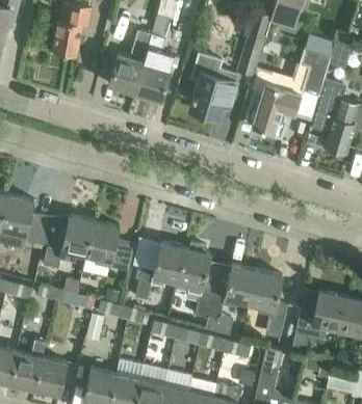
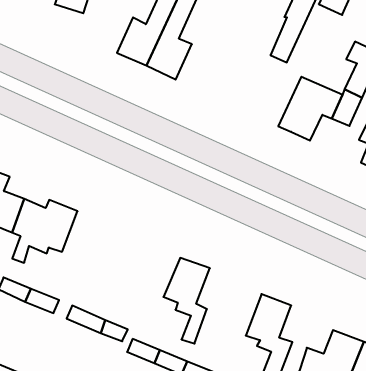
building: [189,52,238,117] -> none
building: [85,221,134,272] -> none
building: [135,242,184,300] -> none
building: [205,264,256,332] -> none

